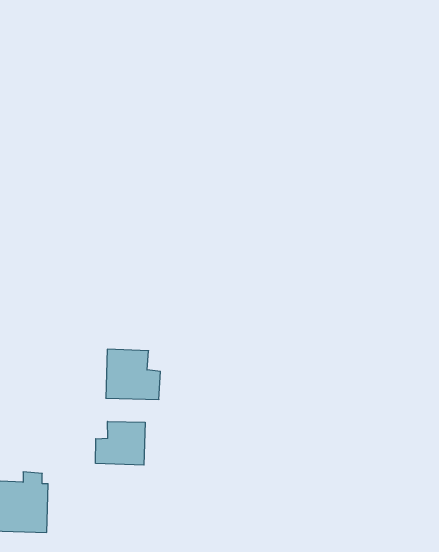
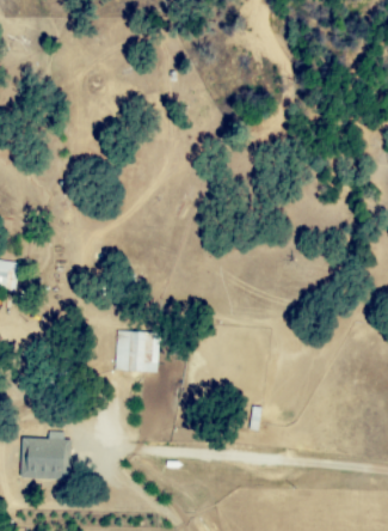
building: [96,421,145,465] -> none

